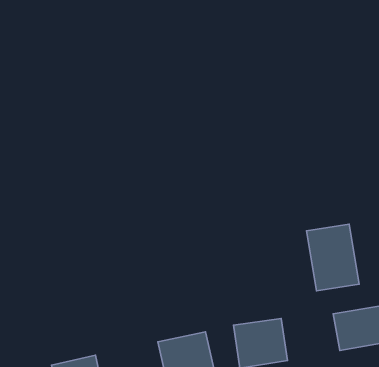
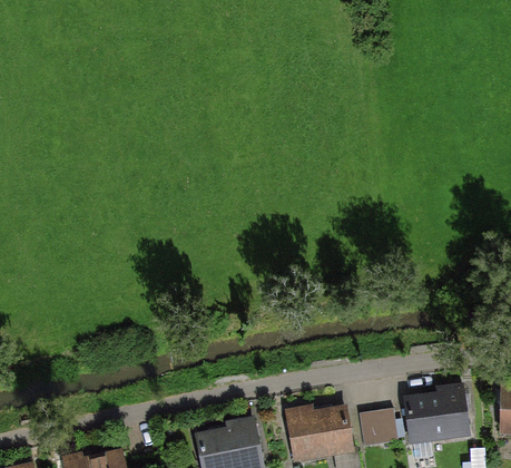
building: [306,224,359,291] -> none
building: none -> [361,406,407,443]

